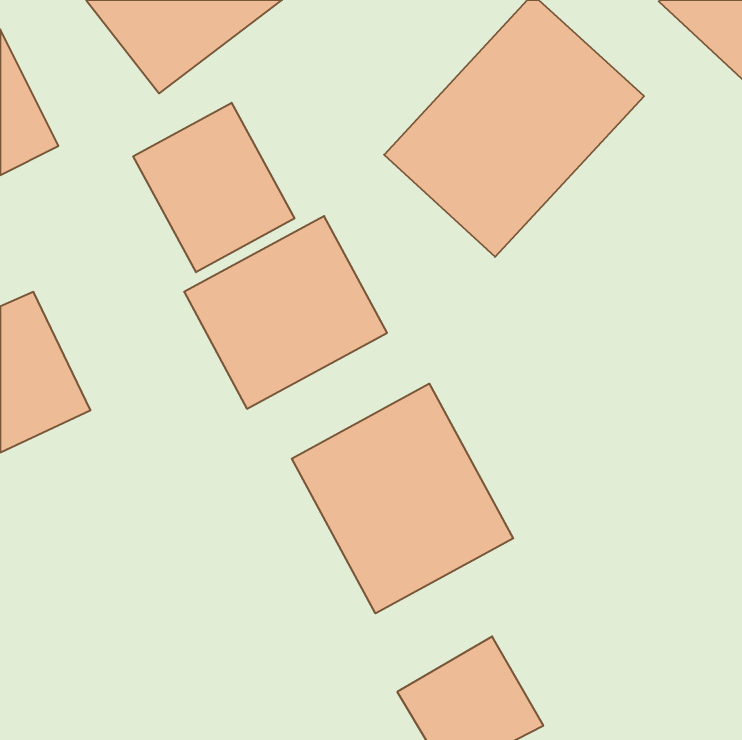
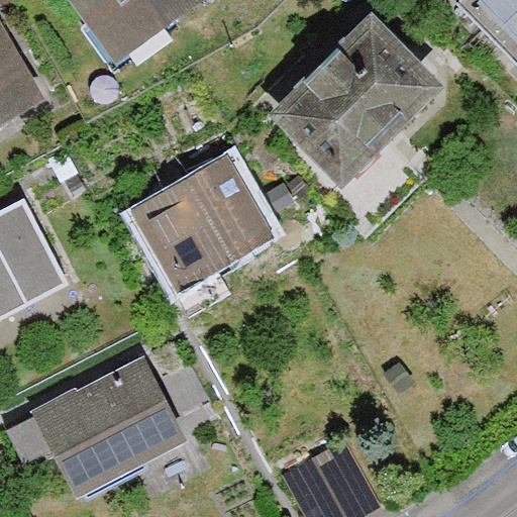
building: [133,103,294,272] -> none
building: [292,384,513,613] -> none
building: none -> [29,354,189,497]

